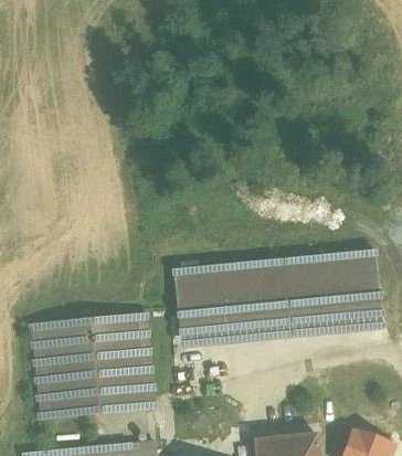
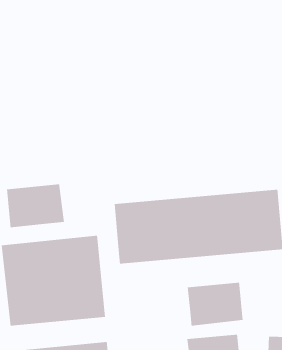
building: none -> [6,183,64,228]
building: none -> [187,282,243,326]

